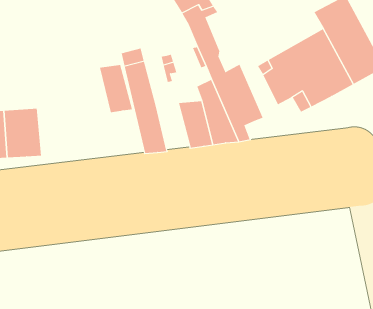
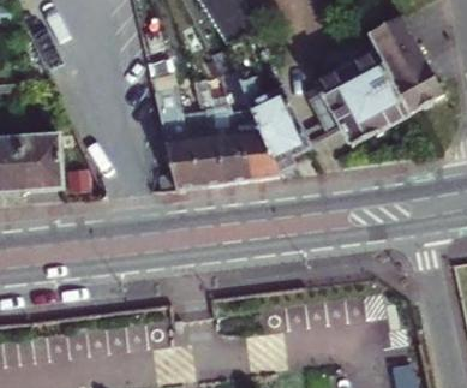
building: [99,64,133,113] -> [192,133,229,187]

